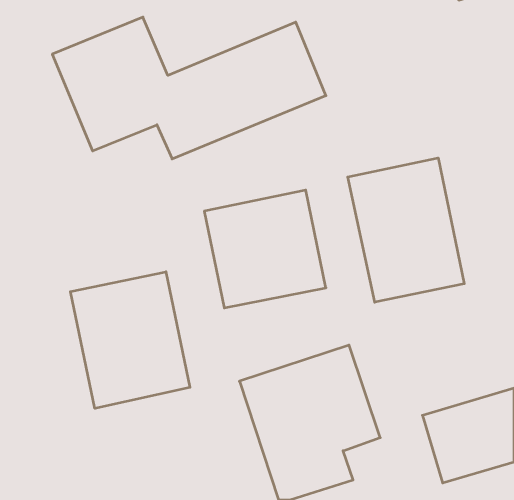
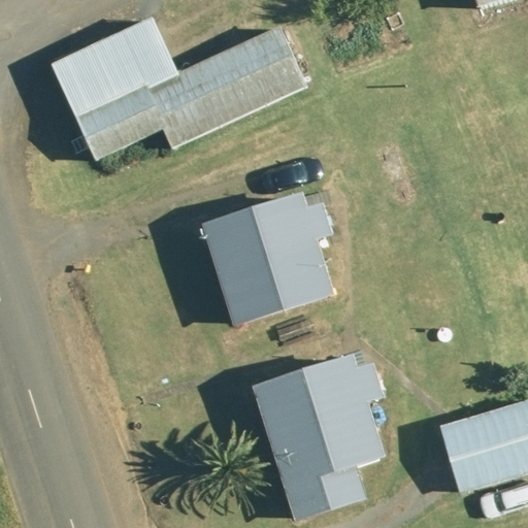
building: [348,158,464,302] -> none
building: [70,272,190,408] -> none

